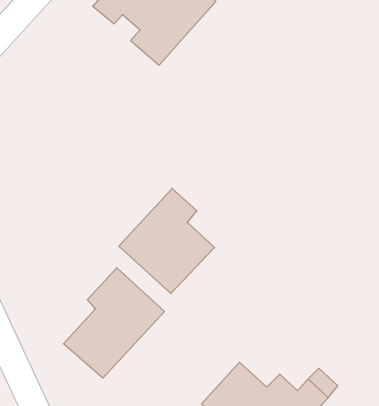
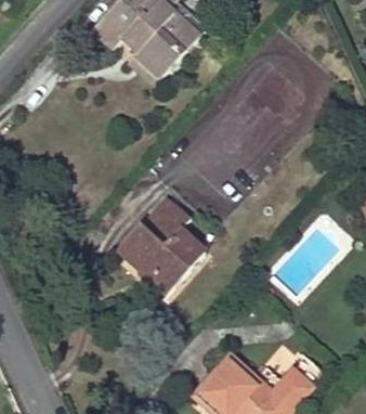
building: [63,268,164,378] -> none

